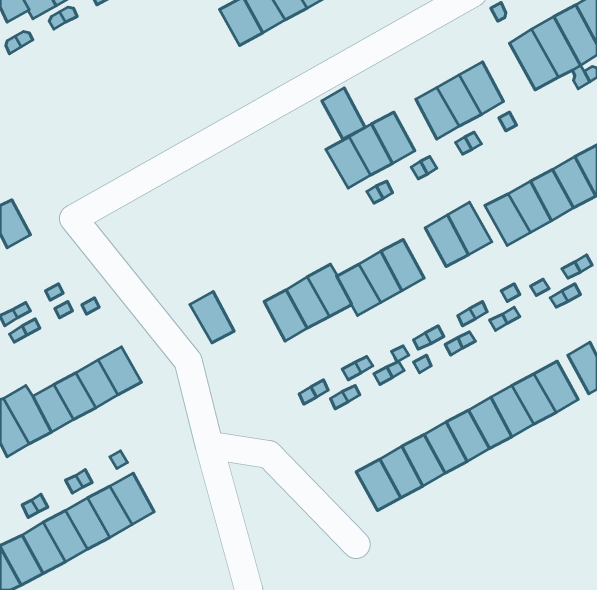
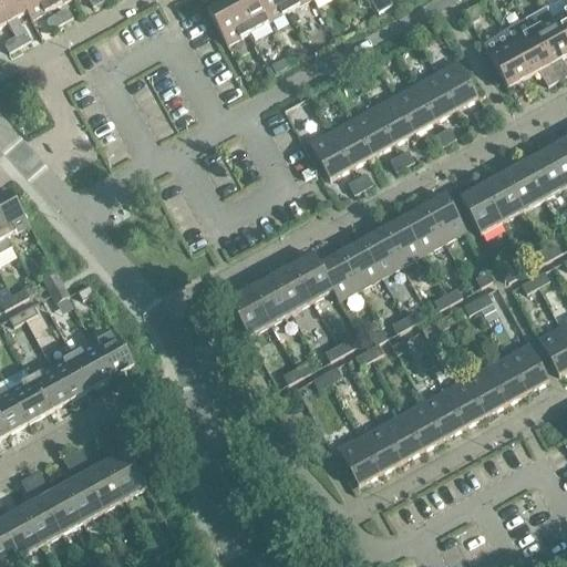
building: [322,88,365,139] -> [373,94,414,143]
building: none -> [382,216,423,264]
building: [190,292,234,343] -> [228,286,270,334]

